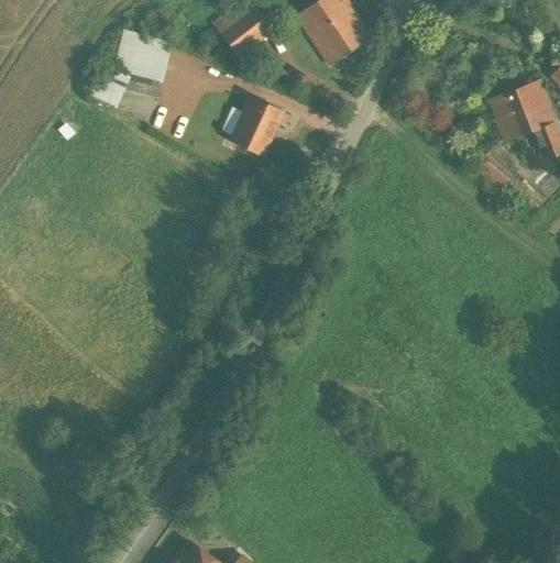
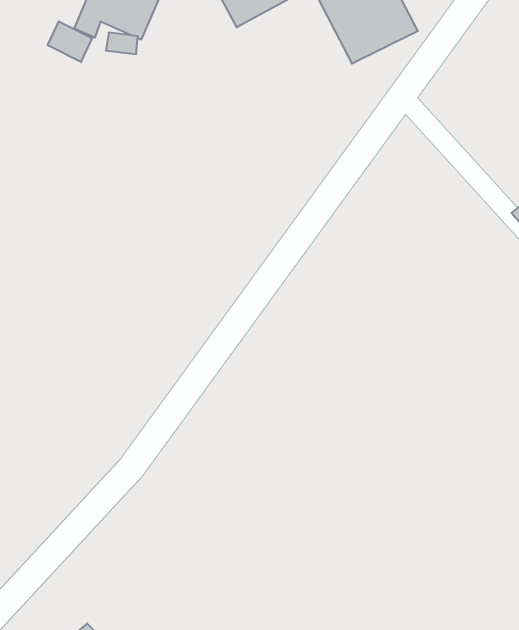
building: [232,95,285,155] -> none

